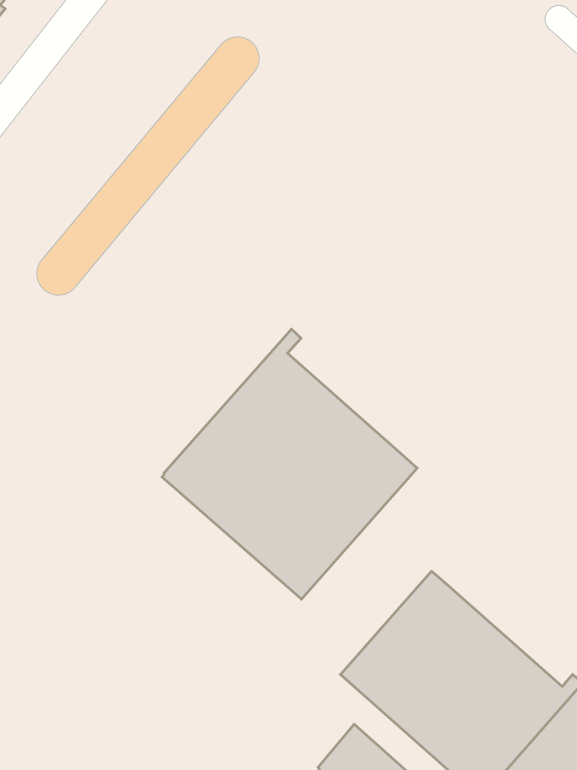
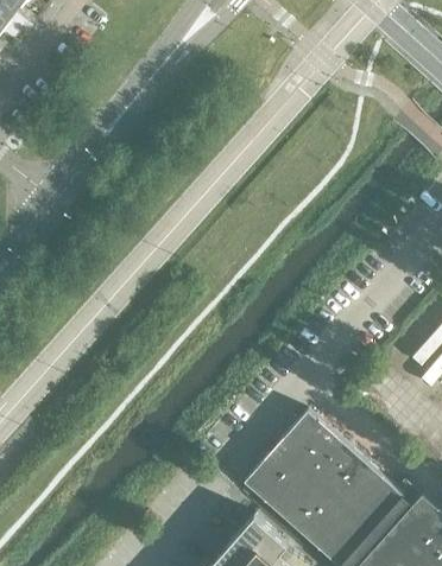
building: [162,329,417,599] -> none

